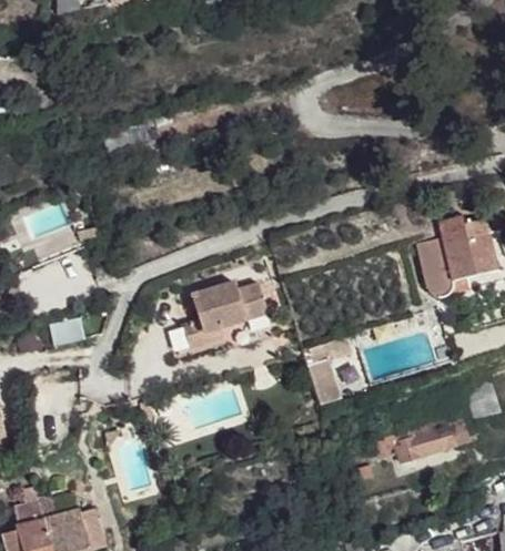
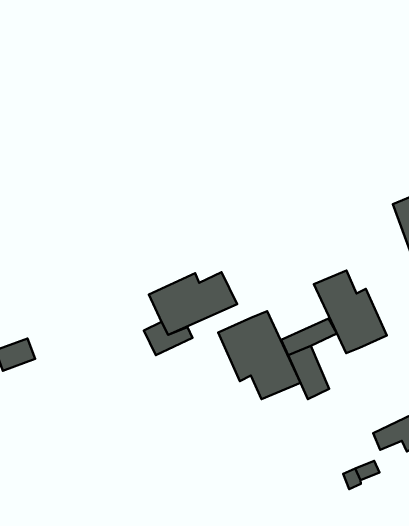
building: none -> [314,271,387,353]
building: none -> [218,311,301,399]

